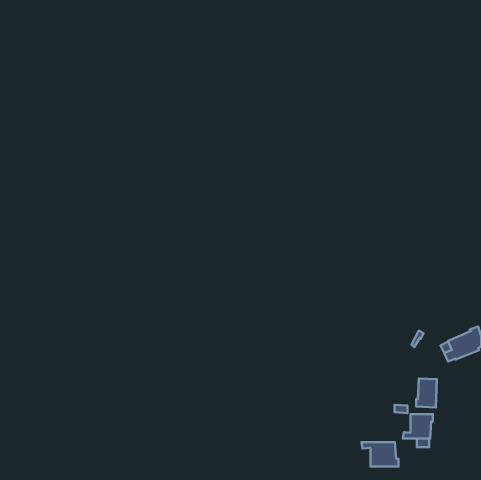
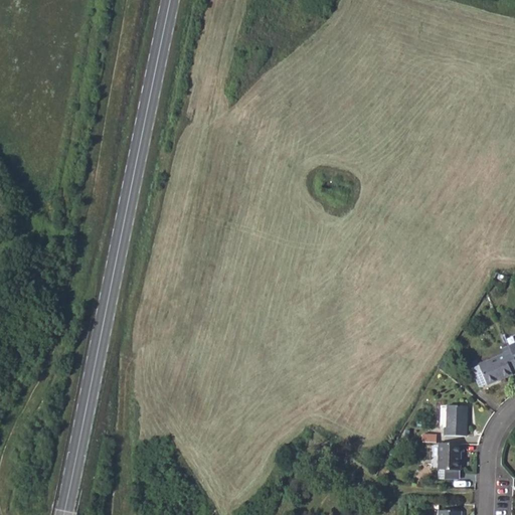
building: [361,442,398,466] -> none

